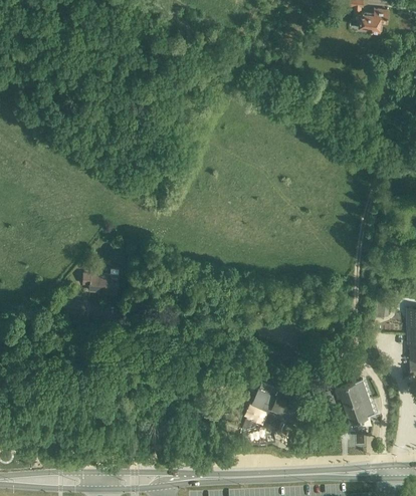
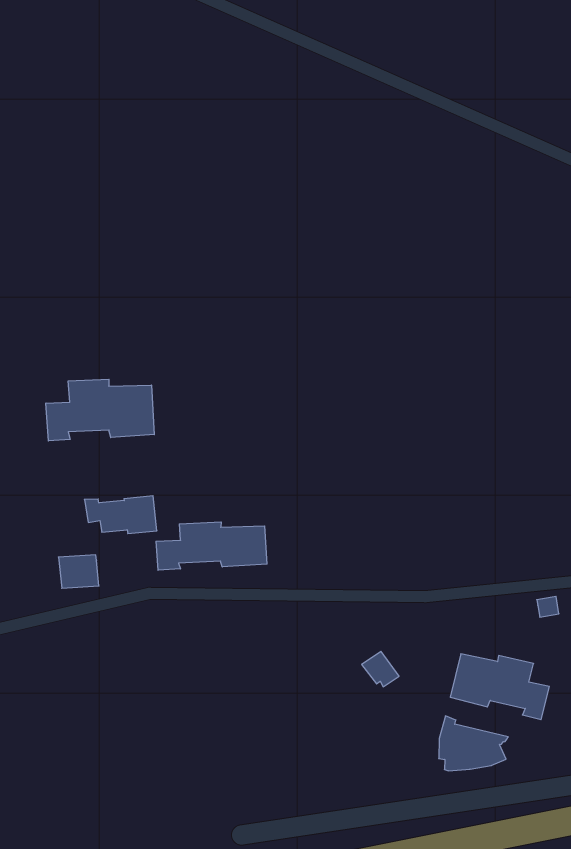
building: none -> [46,379,154,441]
building: none -> [156,522,267,570]

